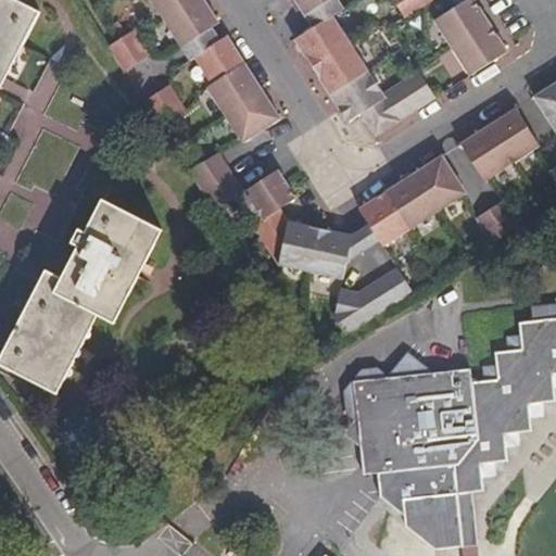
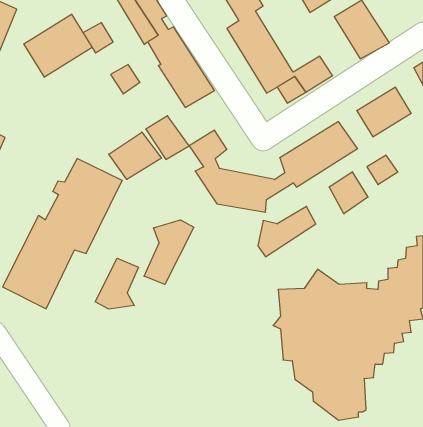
building: none -> [24,14,92,77]
building: none -> [109,132,162,179]
building: none -> [329,172,368,214]
building: none -> [144,220,194,284]
building: none -> [95,258,138,309]

